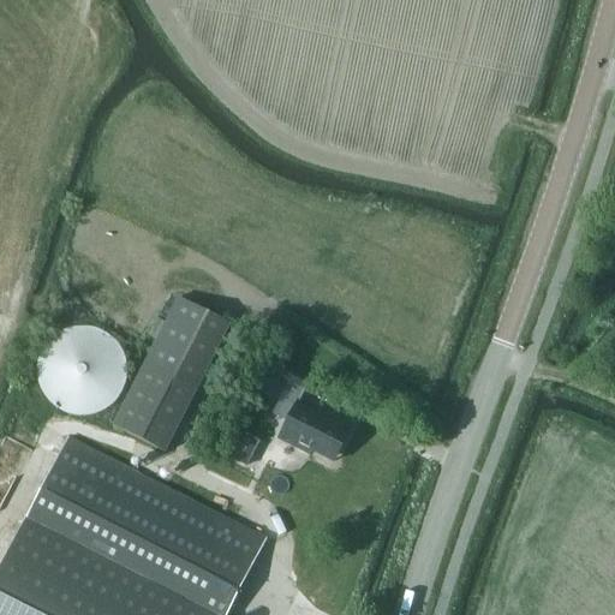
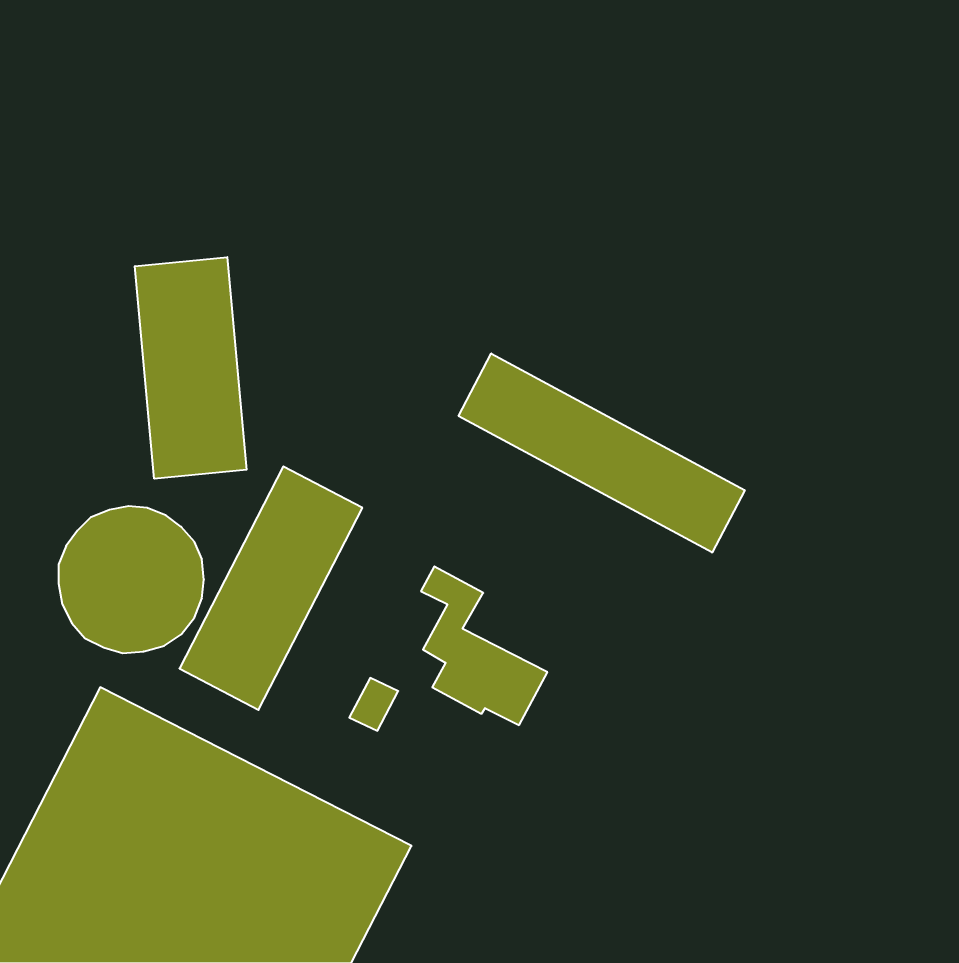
building: none -> [135,257,247,479]
building: none -> [459,353,745,553]

